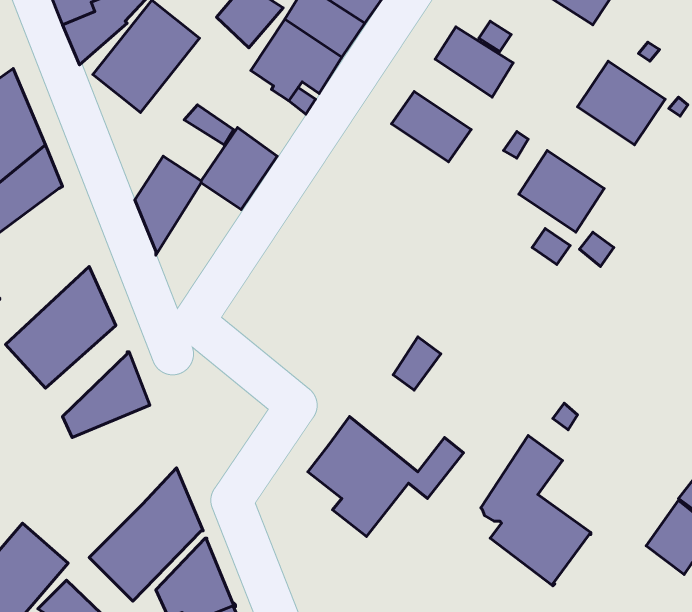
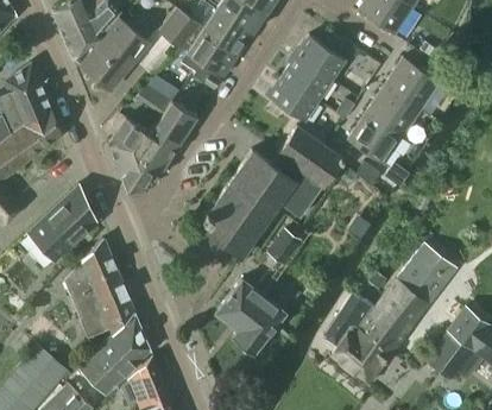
building: none -> [283,56,332,100]
building: none -> [366,86,421,137]
building: none -> [200,126,343,258]
building: none -> [121,133,175,188]
building: none -> [360,242,449,352]
building: none -> [69,272,134,338]

